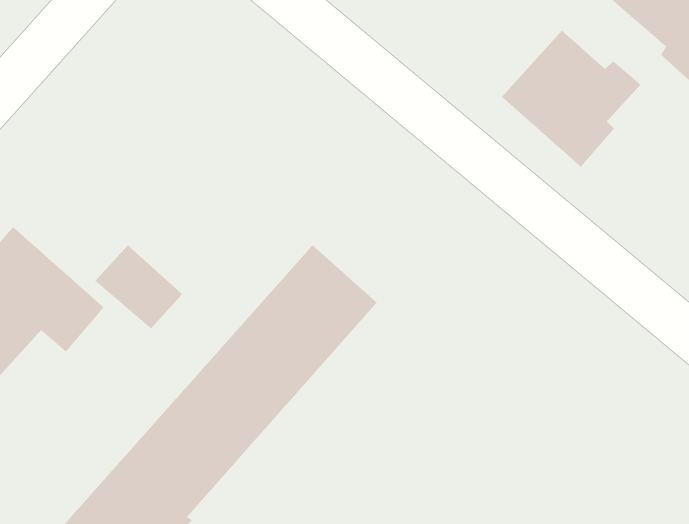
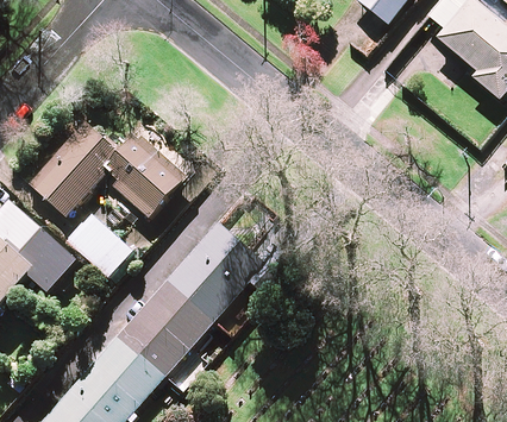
building: [501,30,642,167] -> none
building: none -> [29,114,186,216]

